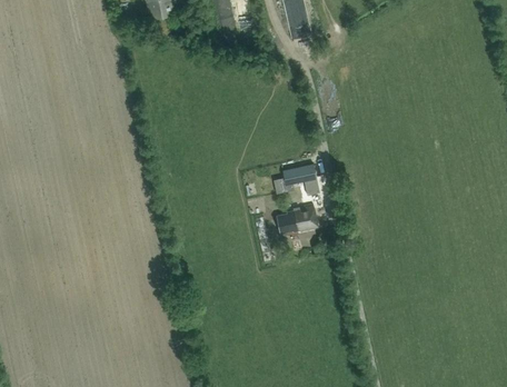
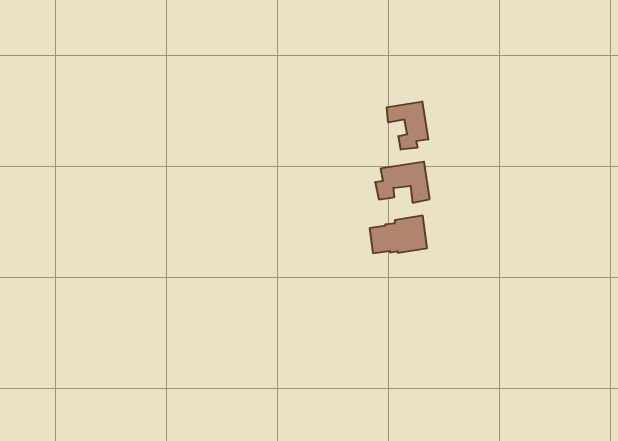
building: none -> [387,101,428,150]

